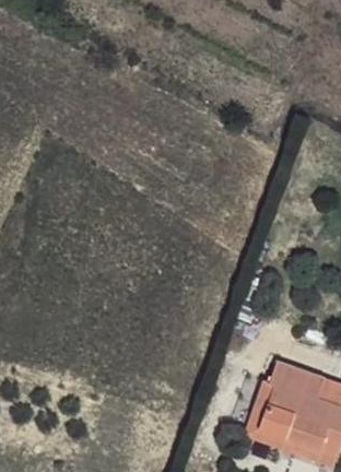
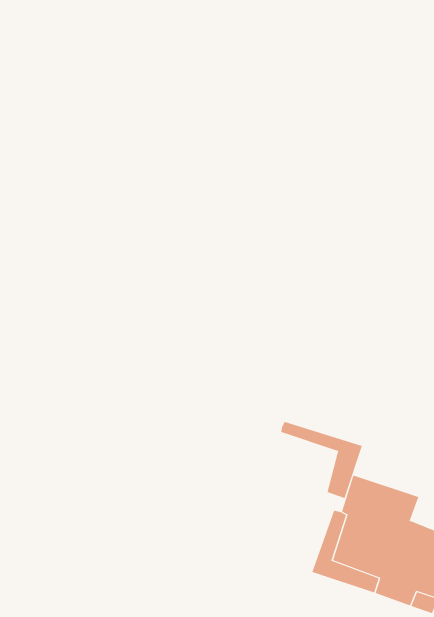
building: none -> [281,421,363,499]

